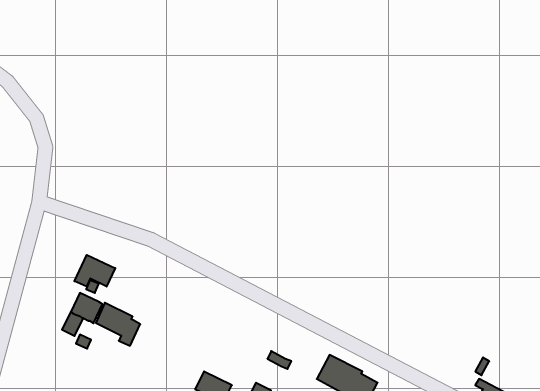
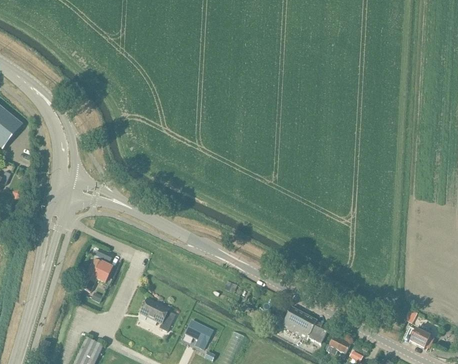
building: [74,255,115,287] -> none
building: [96,303,140,346] -> [140,296,175,330]

